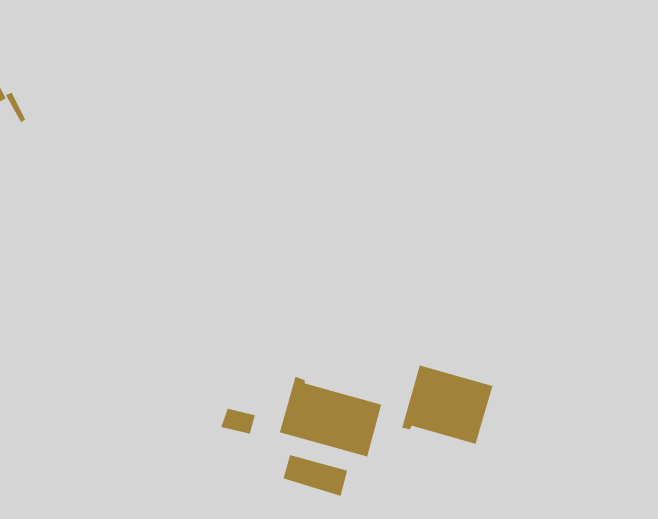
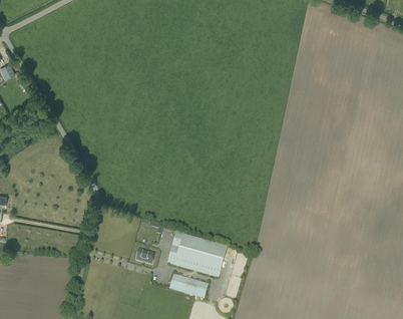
building: [401,365,493,445] -> none

